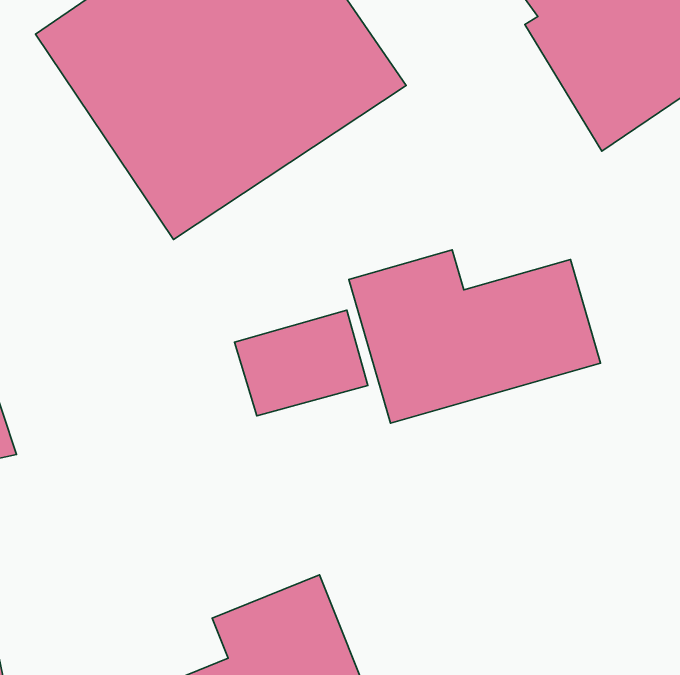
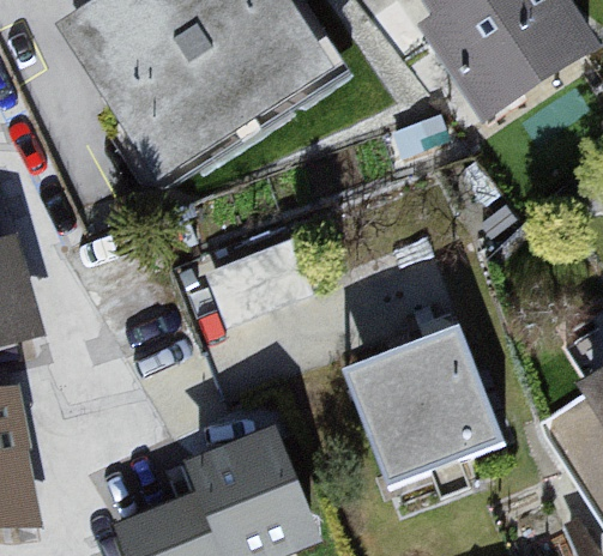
building: [349,250,600,423] -> none
building: none -> [340,333,499,490]

